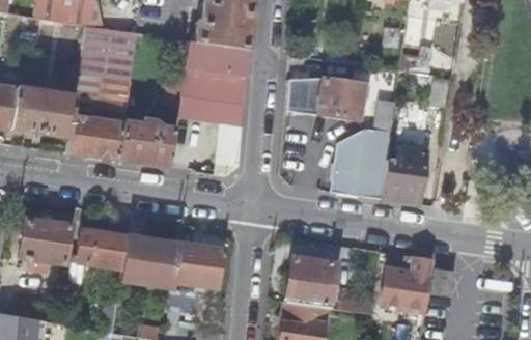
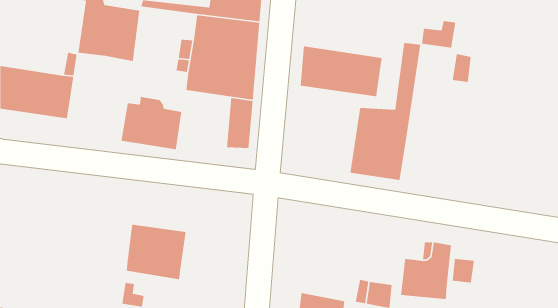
building: [63,79,129,159] -> none
building: [380,146,426,201] -> none
building: [17,218,69,267] -> none
building: [63,229,127,310] -> none
building: [173,244,222,288] -> none
building: [286,255,339,309] -> none

